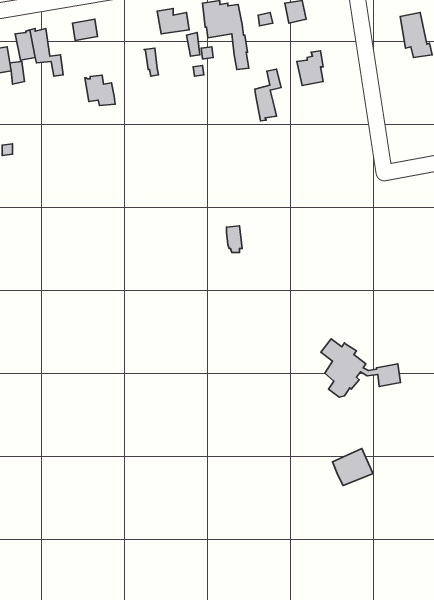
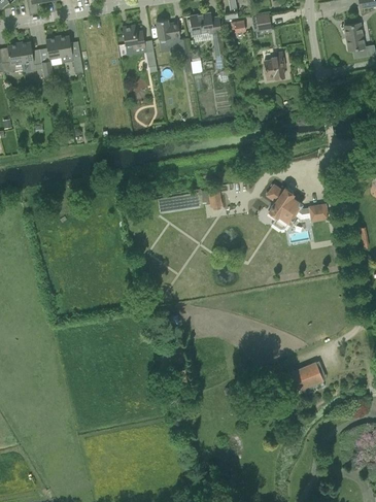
building: [255,69,281,121] -> none
building: [85,75,115,105] -> [122,25,145,48]
building: [321,339,400,397] -> [266,185,328,230]

